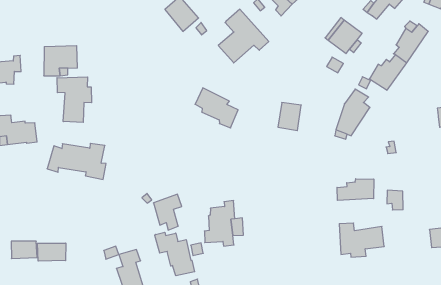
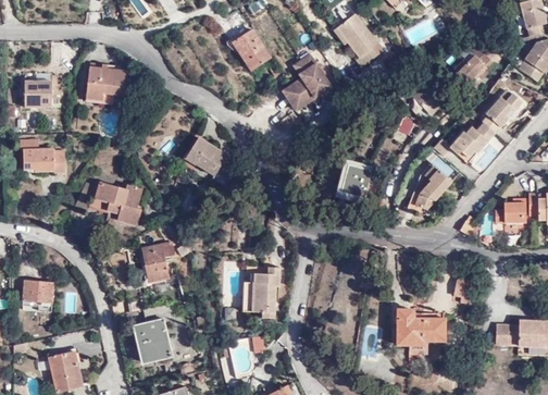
building: [57,77,92,122] -> none
building: [195,88,238,128] -> [188,136,236,185]
building: none -> [497,198,519,219]
building: [337,179,374,200] -> none
building: [153,194,182,230] -> [142,245,174,284]
building: [155,232,195,276] -> none
building: [37,243,66,261] -> none

